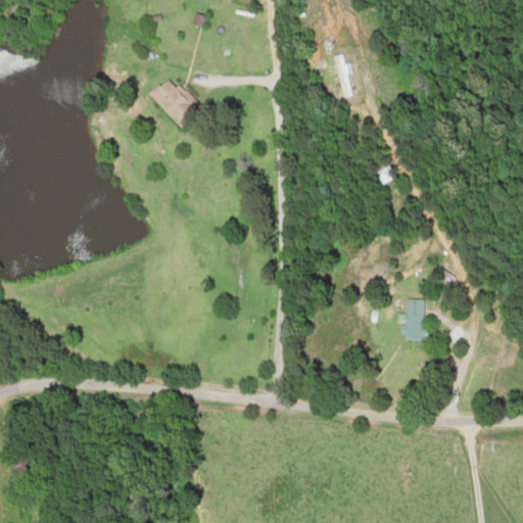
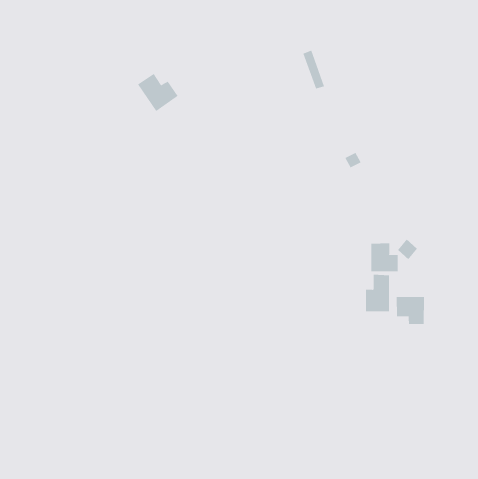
building: none -> [371,242,398,272]
building: none -> [396,296,424,325]

